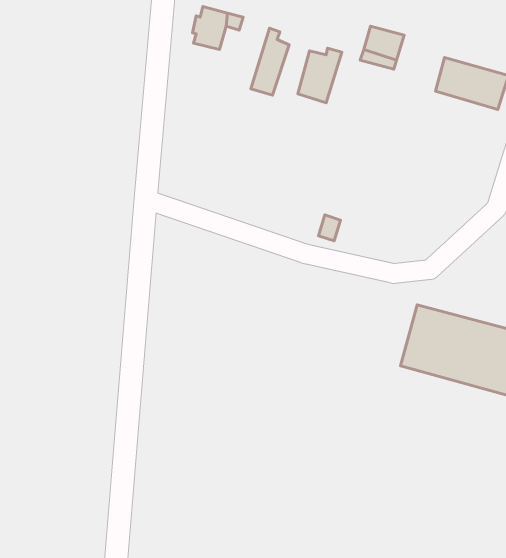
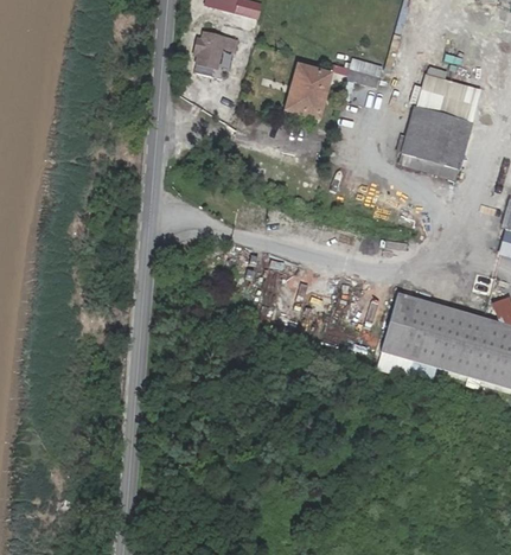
building: [251,28,289,95] -> none
building: none -> [398,103,472,179]

